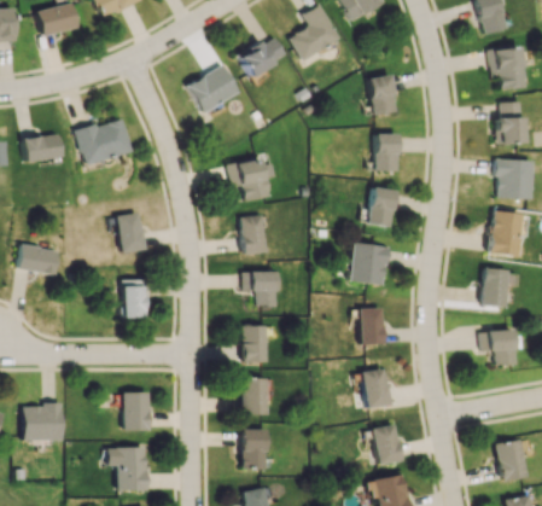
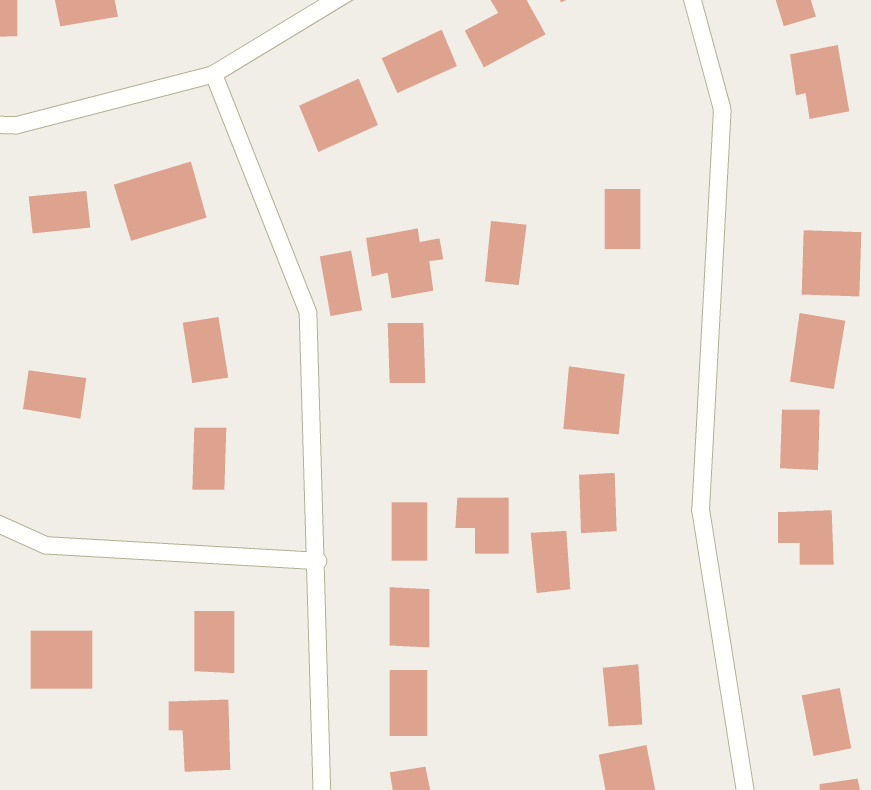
building: [369,76,396,116] -> none
building: [496,103,523,145] -> none
building: none -> [319,250,363,317]
building: [369,187,396,227] -> [484,221,527,286]
building: [244,272,278,307] -> [454,497,510,554]
building: [363,370,389,408] -> [530,530,571,593]

